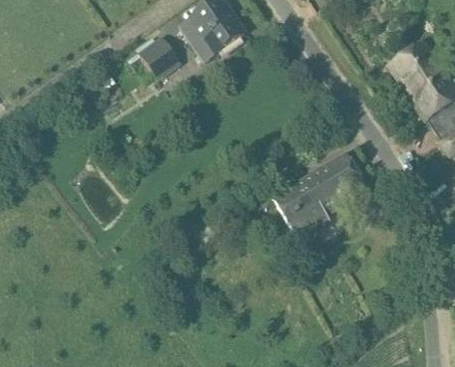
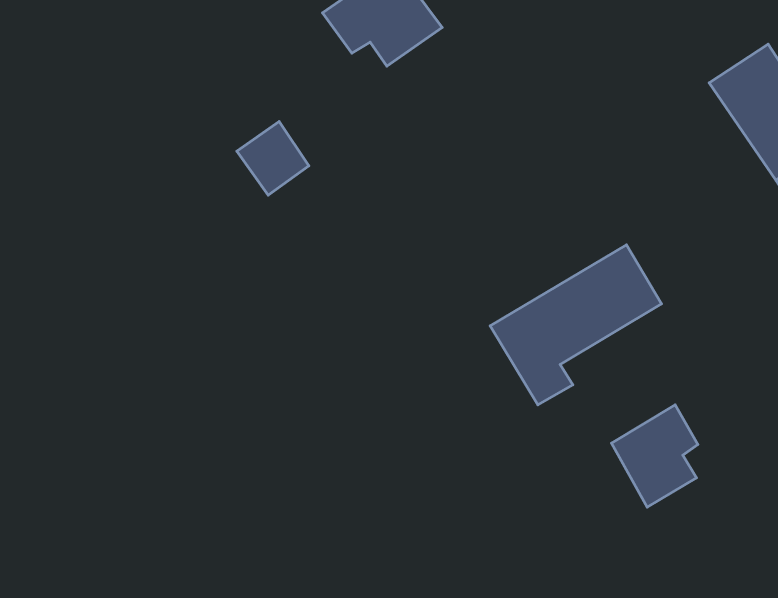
building: [140,38,179,78] -> [237,122,309,195]
building: none -> [612,405,698,507]

